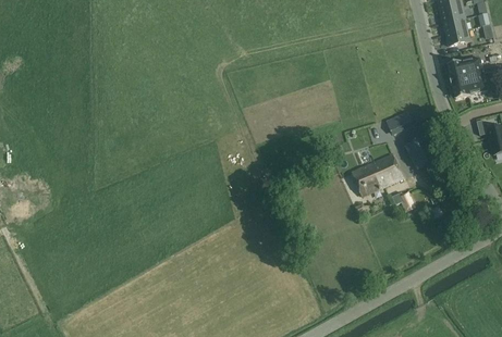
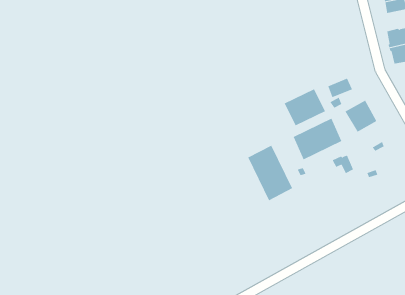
building: none -> [284,89,326,126]
building: none -> [248,145,293,201]

